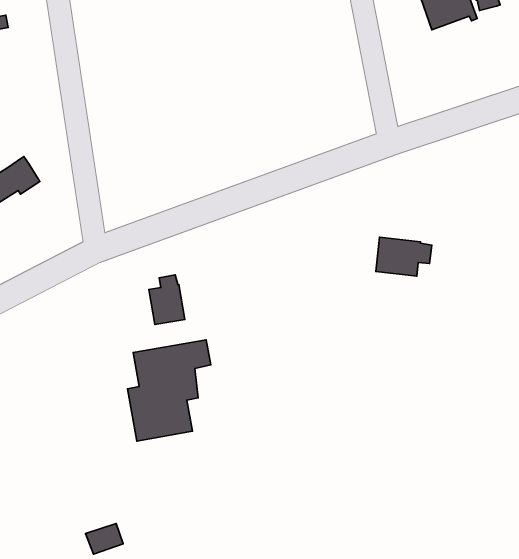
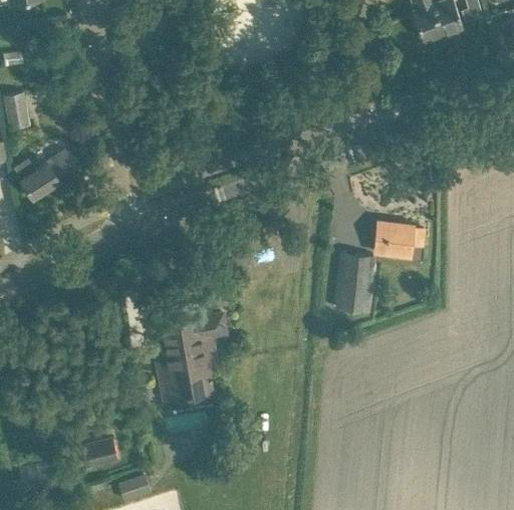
building: none -> [336,253,374,312]
building: [149,275,185,324] -> none
building: none -> [85,438,117,468]

